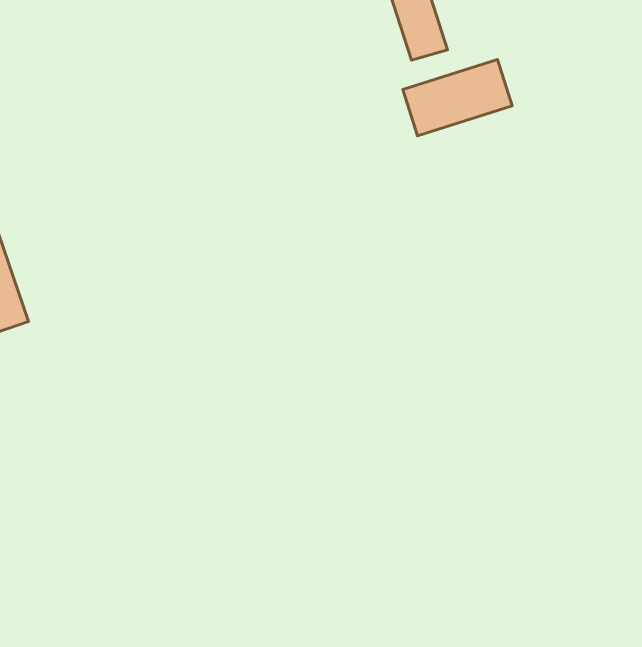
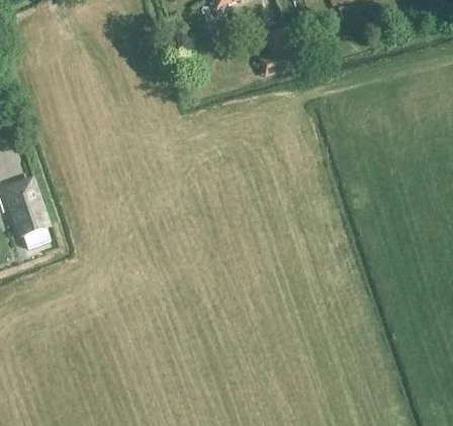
building: [403,59,512,136] -> none

